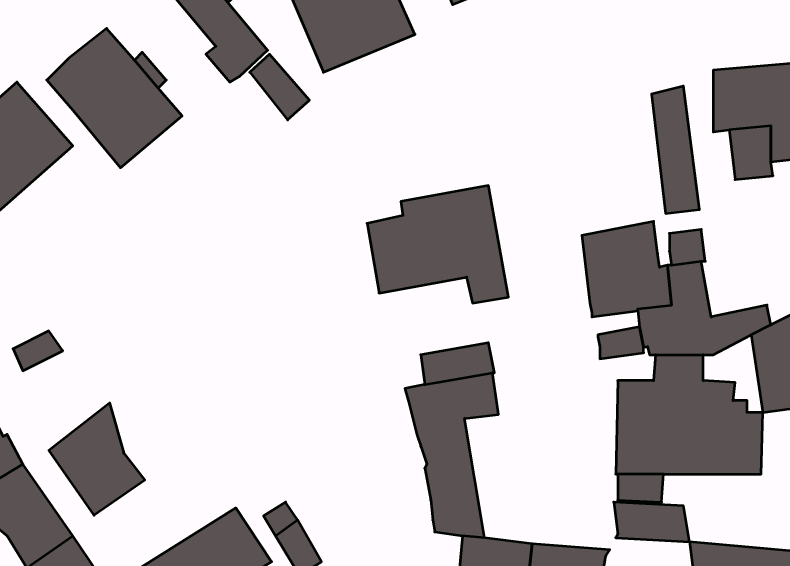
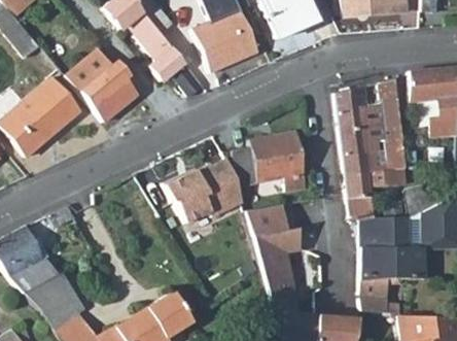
building: none -> [336,86,381,156]
building: none -> [165,159,243,221]
building: [49,403,145,515] -> none

